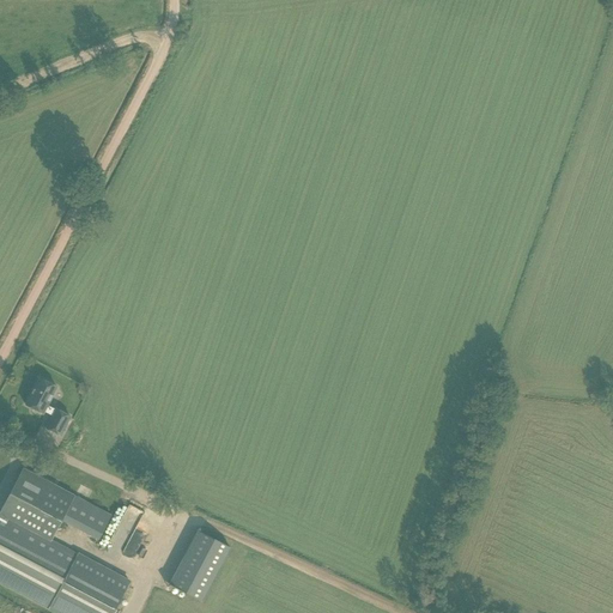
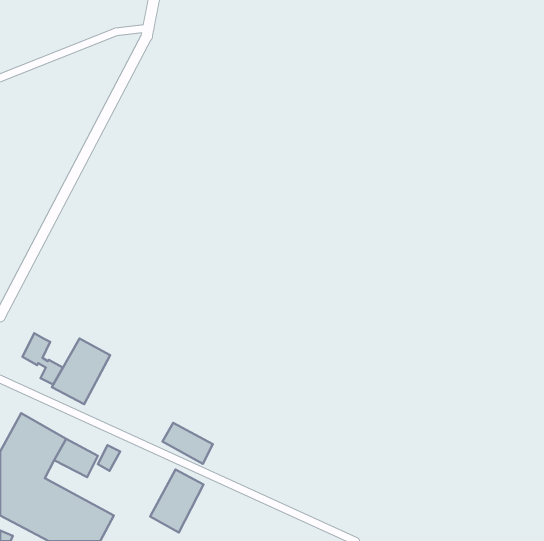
building: none -> [52,339,110,404]
building: none -> [162,423,213,464]

